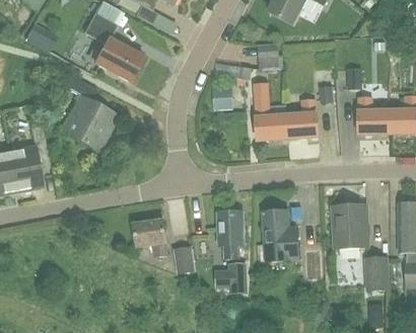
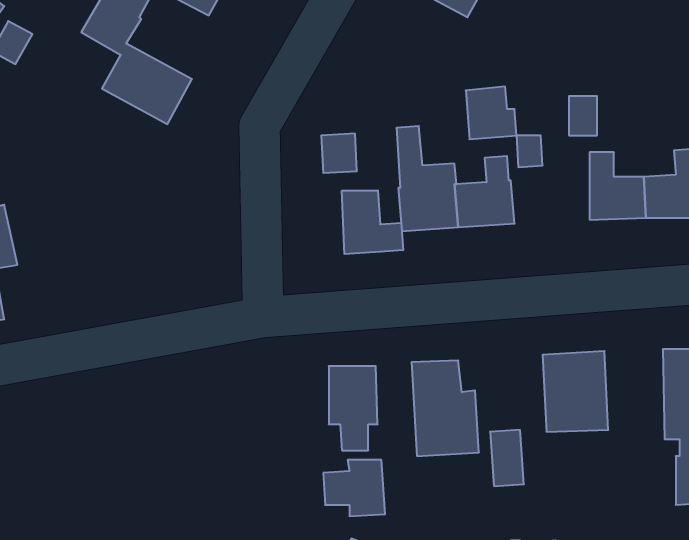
building: [257,41,284,70] -> [466,87,516,139]
building: [60,77,118,153] -> none
building: none -> [342,190,403,254]
building: [133,219,166,256] -> none
building: [174,244,197,273] -> none
building: [364,254,390,289] -> none

